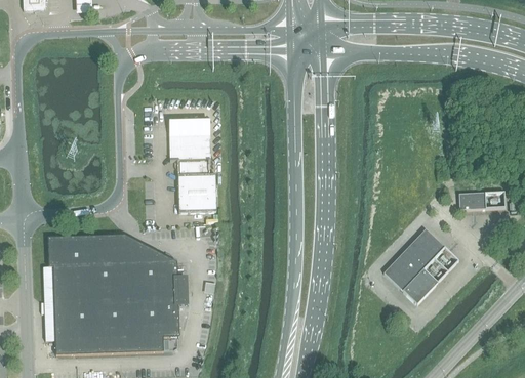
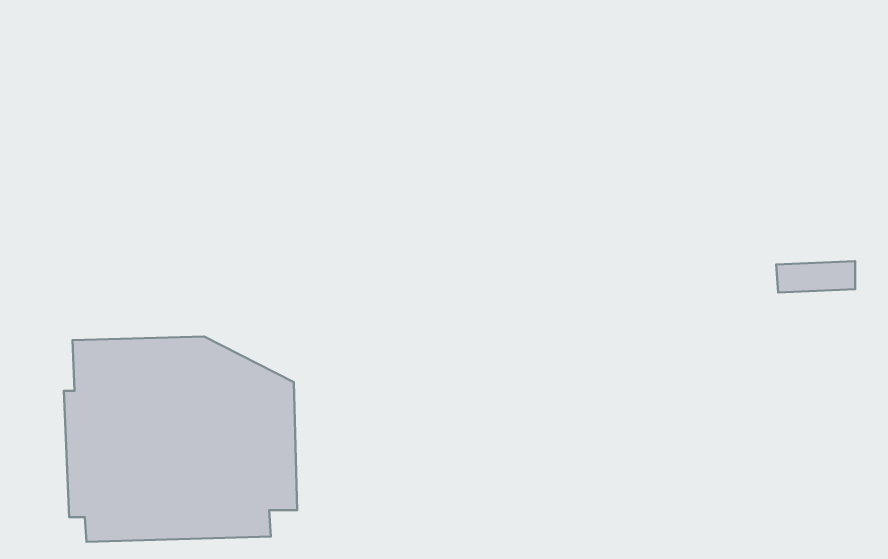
building: [169,120,216,212] -> none
building: [383,227,458,303] -> none

